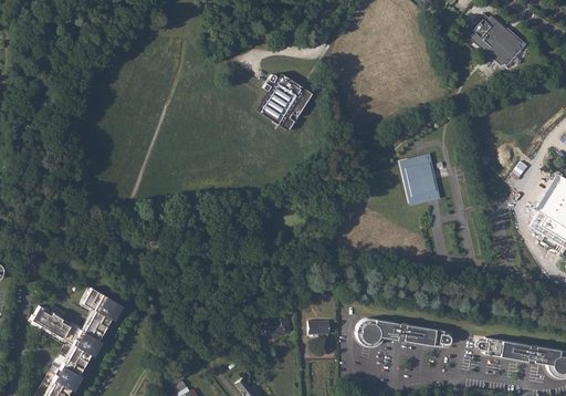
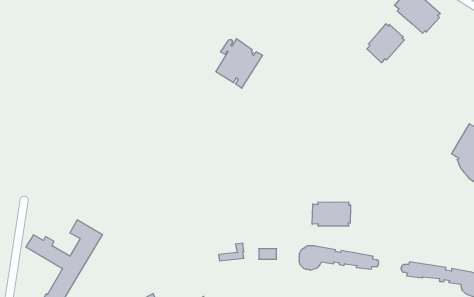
building: none -> [367,24,405,63]
building: [399,154,440,206] -> none
building: none -> [312,202,350,226]

